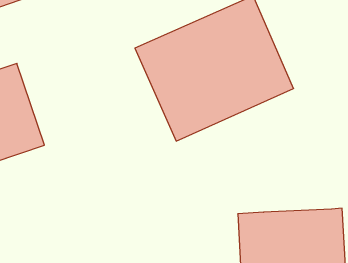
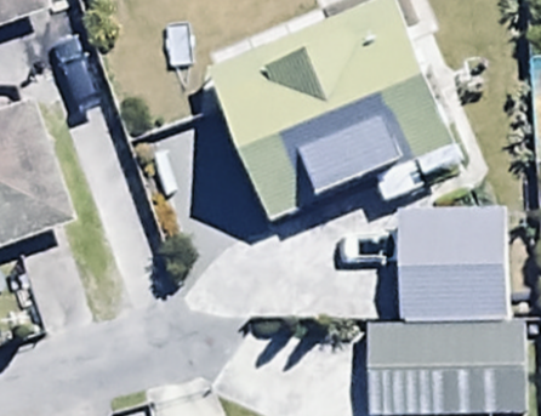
building: none -> [397,211,505,327]

